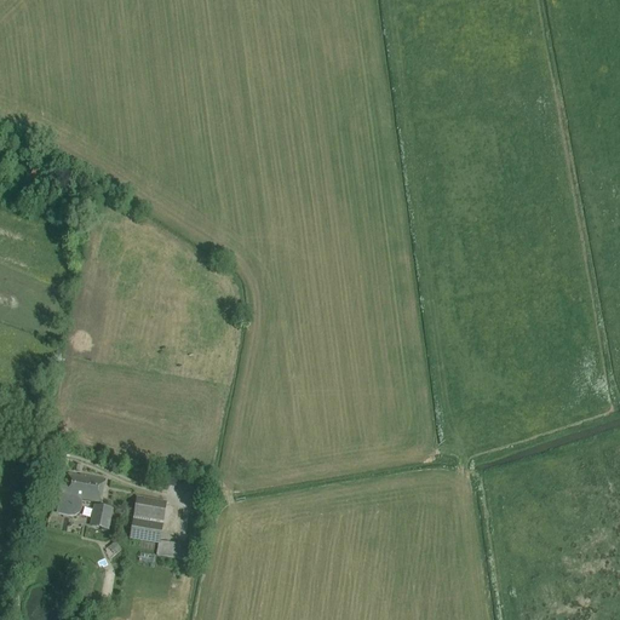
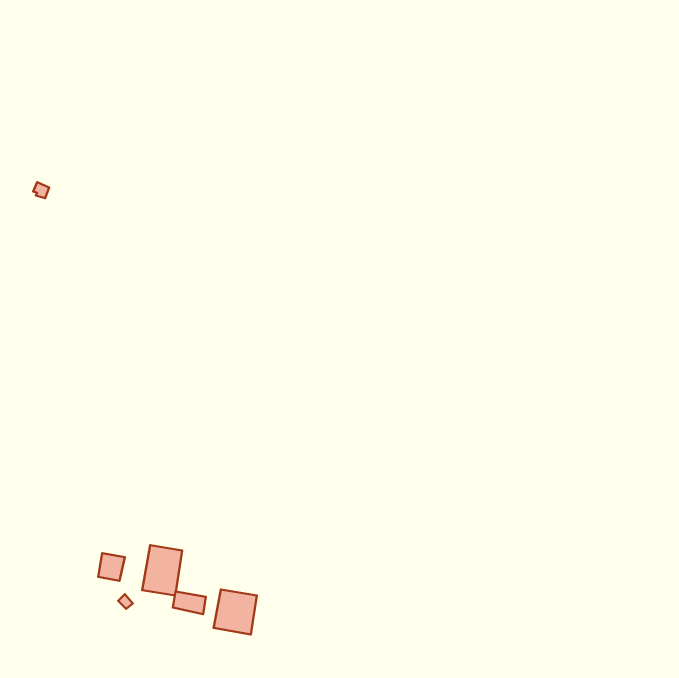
building: [57,473,104,515] -> none
building: none -> [214,589,257,634]

